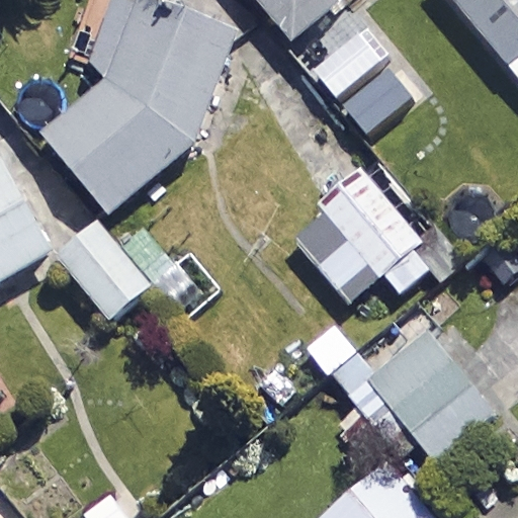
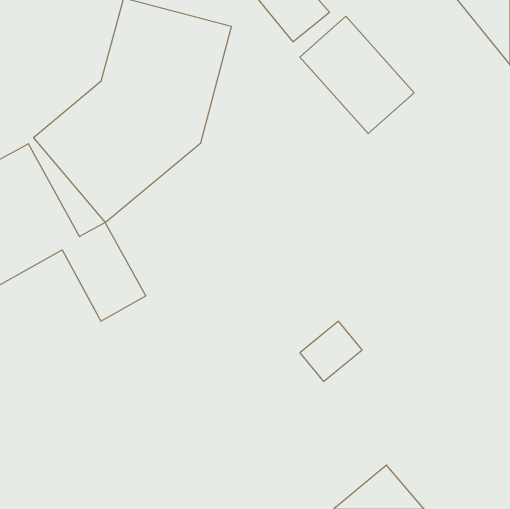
building: [290,173,434,291] -> none
building: [373,330,498,457] -> none

